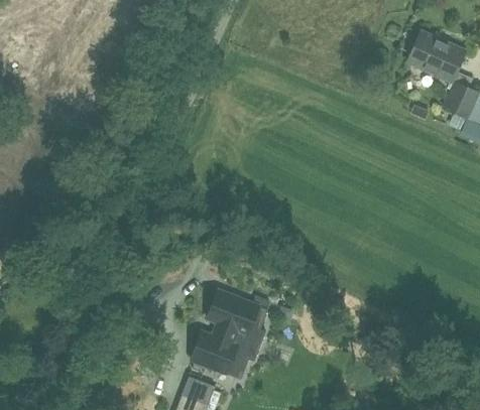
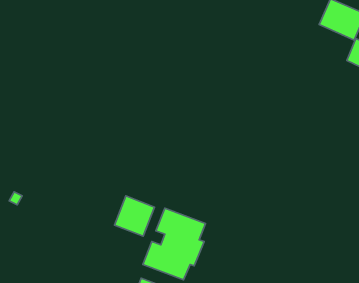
building: none -> [114,196,155,236]

